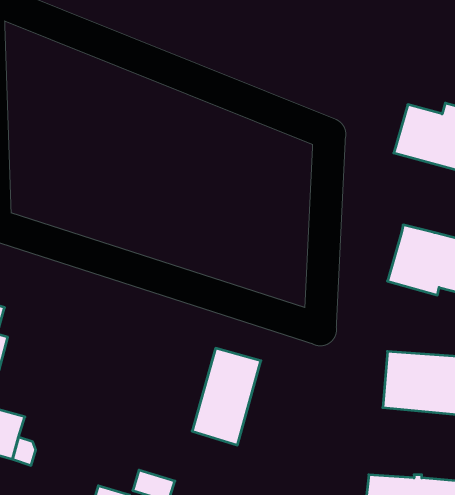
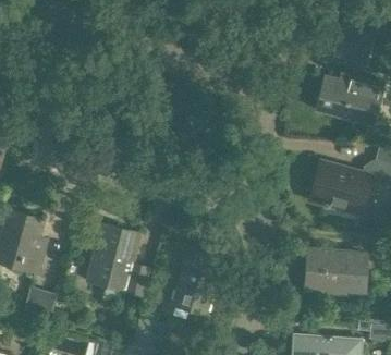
building: none -> [84,222,149,295]

